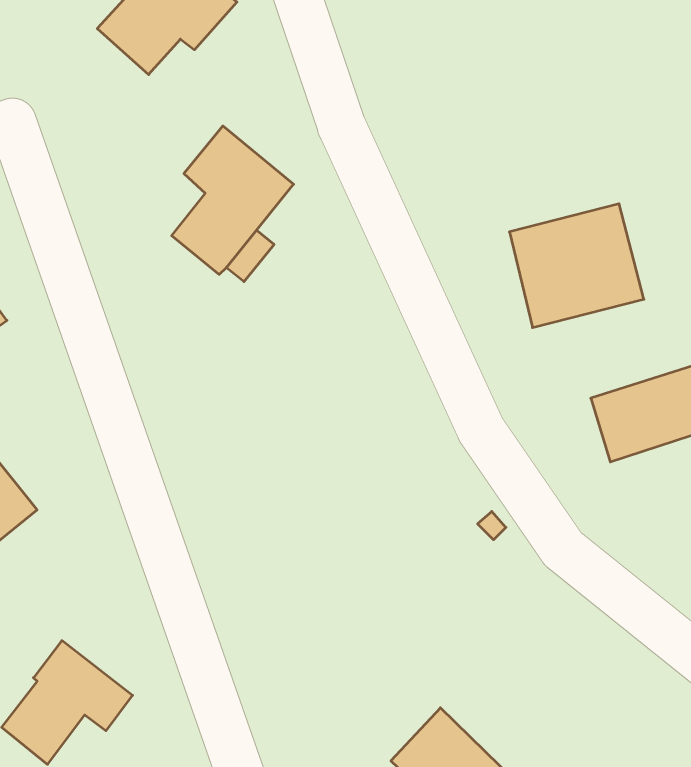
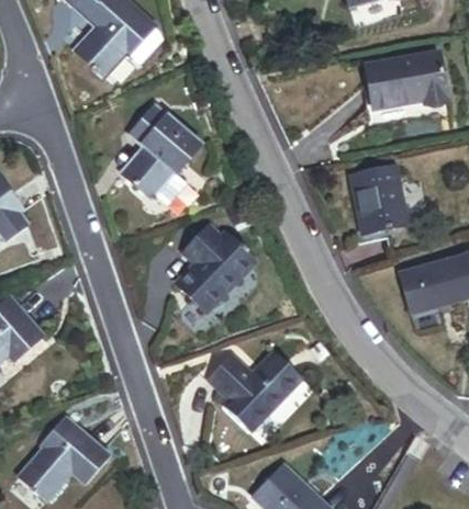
building: none -> [347,53,431,114]
building: none -> [182,223,263,309]
building: none -> [215,351,309,430]

